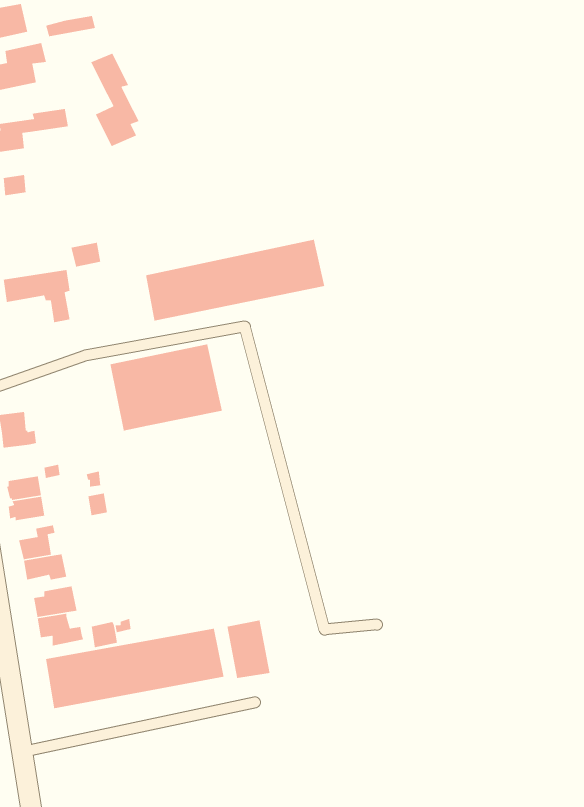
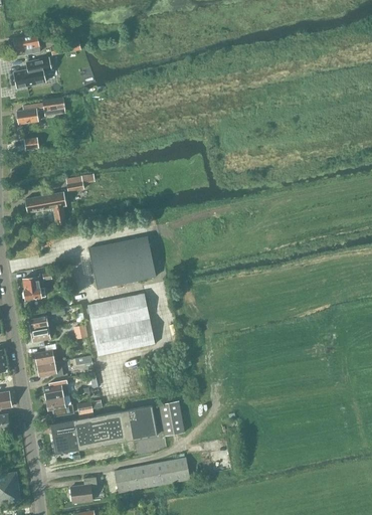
building: [90,53,140,147] -> none
building: [145,239,325,321] -> none
building: none -> [87,293,155,356]
building: none -> [115,458,190,493]
building: none -> [70,477,98,503]

